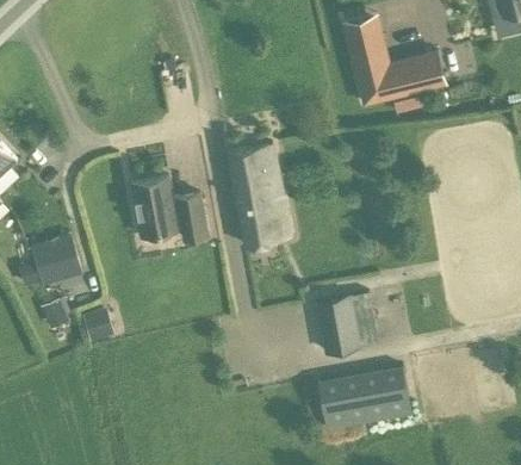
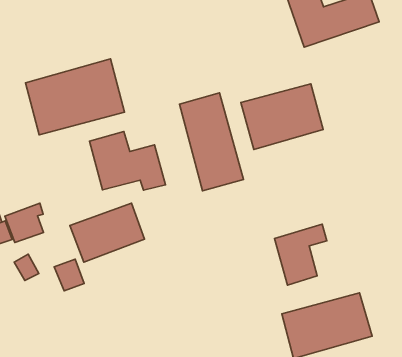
building: none -> [25,59,125,135]
building: none -> [241,84,323,150]
building: none -> [70,203,144,262]

